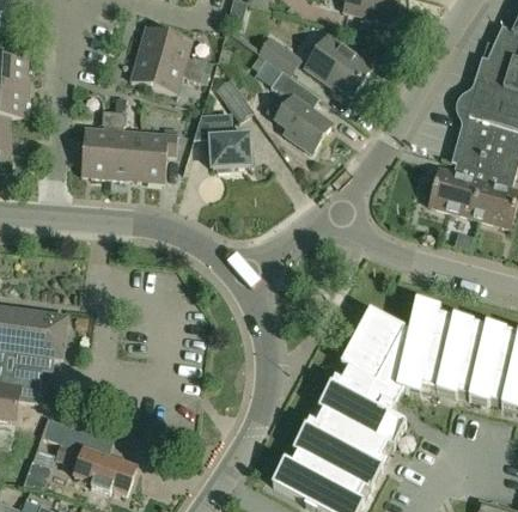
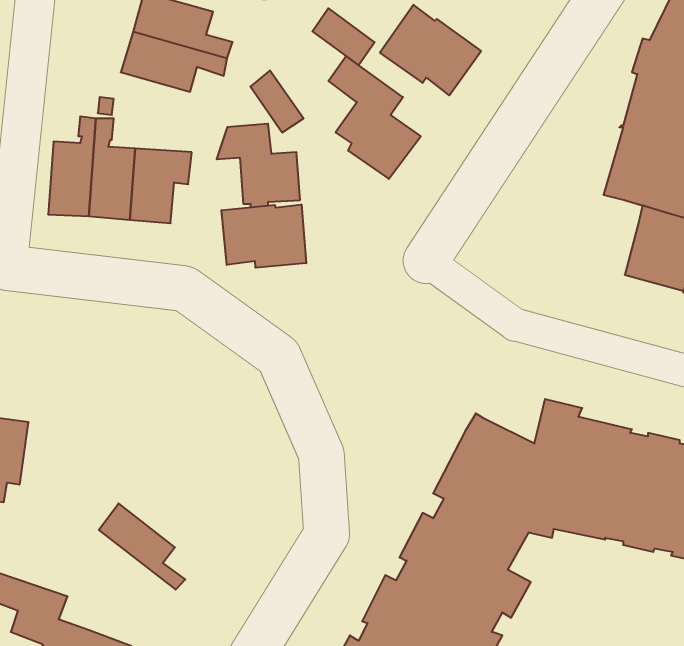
building: [428,166,481,217] -> none
building: none -> [222,204,306,268]
building: none -> [99,503,185,590]

